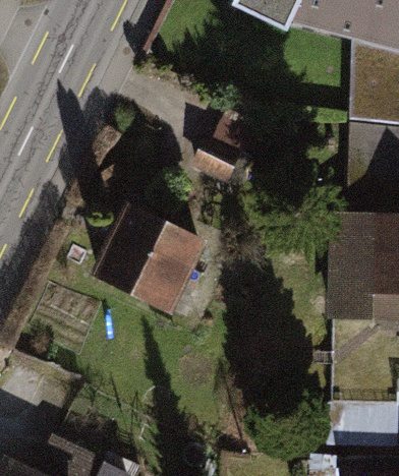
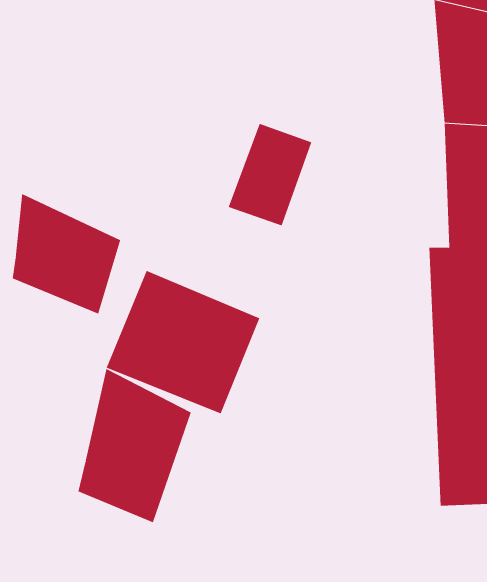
building: none -> [12,193,121,315]
building: none -> [78,368,192,523]

